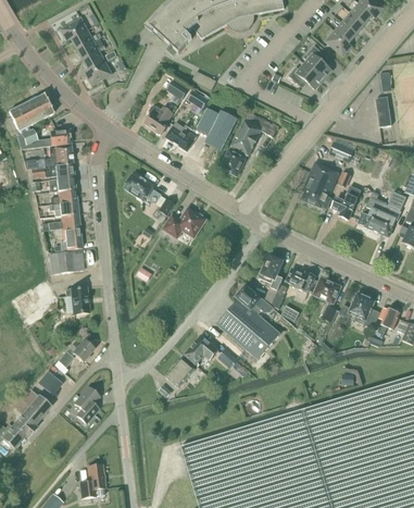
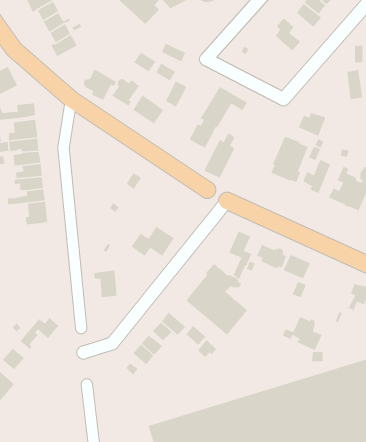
building: [288,64,323,89] -> none
building: none -> [83,68,117,101]
building: [205,104,237,150] -> [203,132,235,179]
building: [125,173,161,202] -> none
building: [163,208,206,238] -> [131,226,175,257]
building: [49,251,74,274] -> none
building: [65,286,89,314] -> [93,270,117,298]
building: [340,294,380,329] -> [282,316,323,351]
building: [74,387,100,423] -> none

